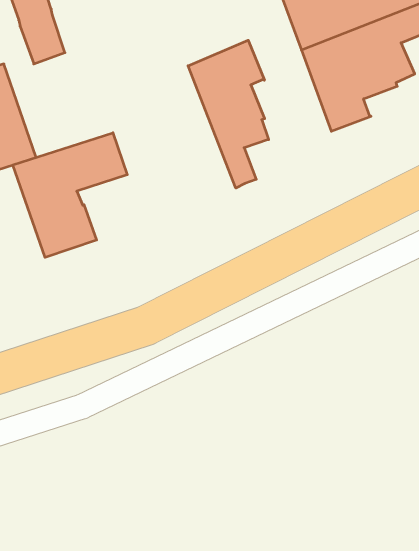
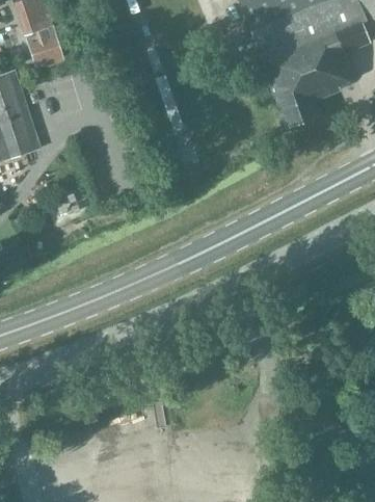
building: [188,40,269,188] -> none
building: [13,133,127,257] -> none

